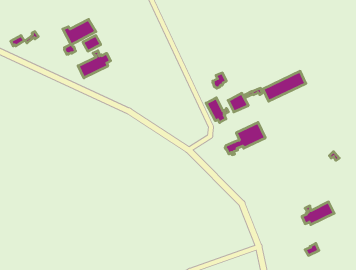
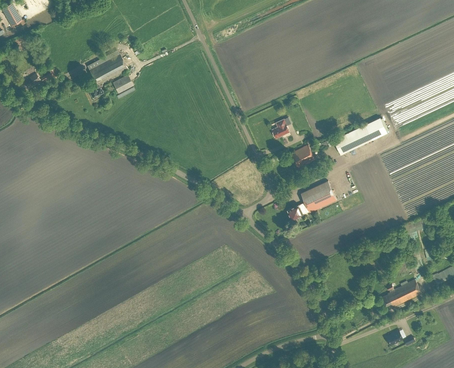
building: [78,51,111,78] -> none
building: [206,98,228,123] -> none

